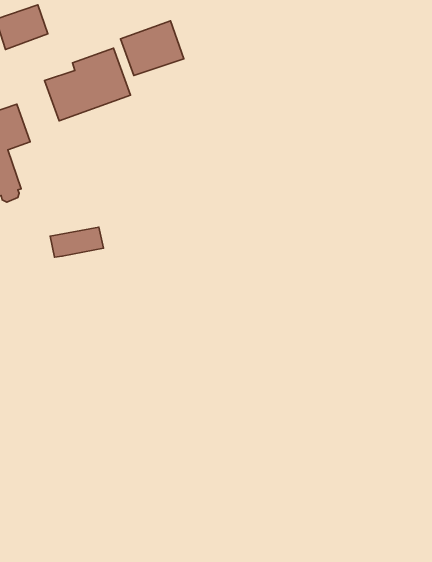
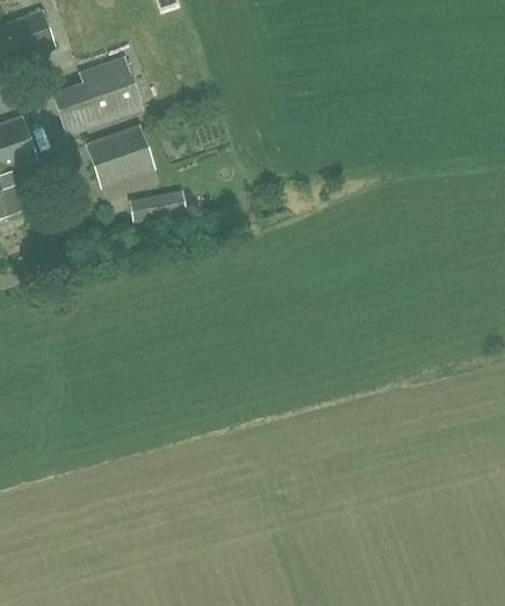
building: [120,21,184,75] -> [86,126,153,184]
building: [50,227,103,257] -> [138,190,195,222]

